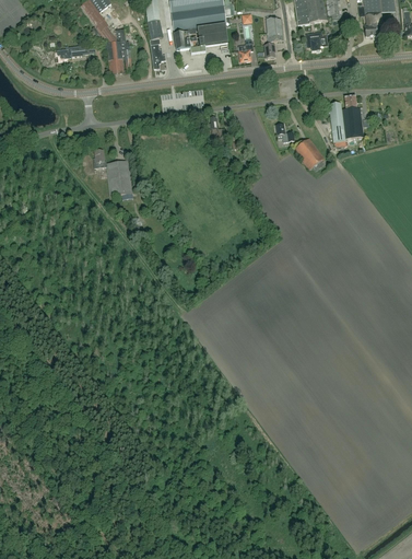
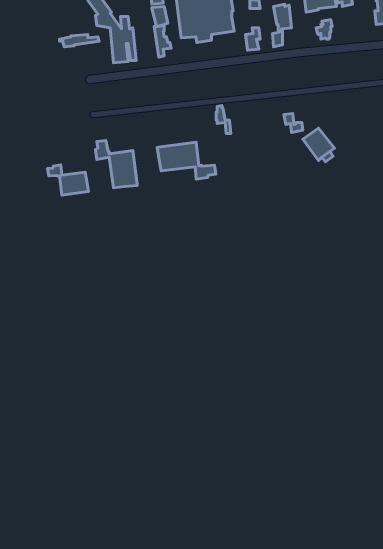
building: [329,95,363,141] -> none
building: none -> [157,142,216,179]
building: none -> [48,165,89,195]

